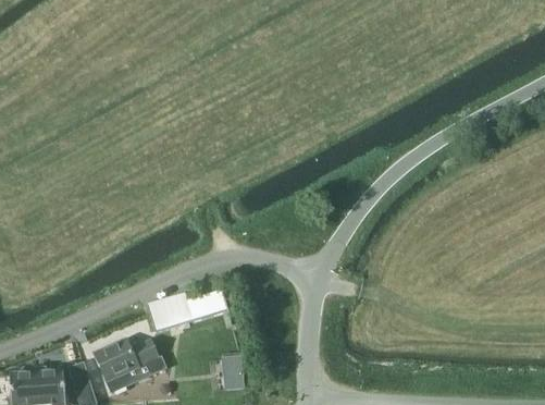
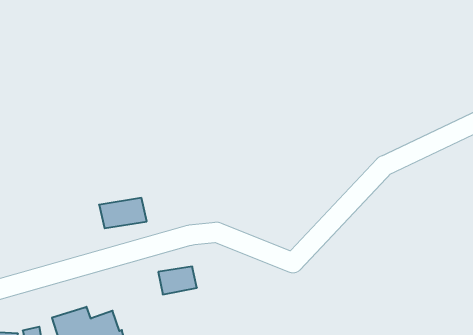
building: [149,296,196,329] -> [99,198,147,228]

